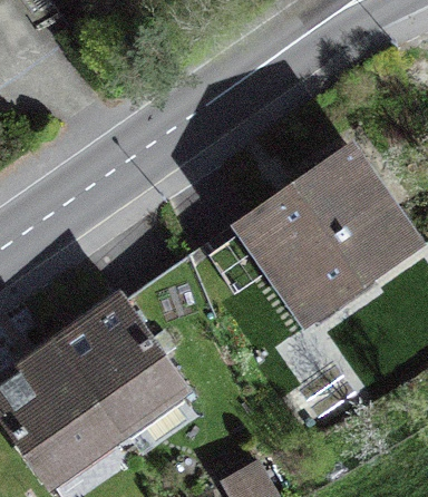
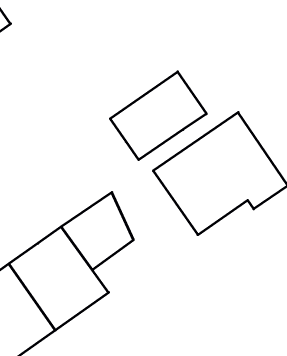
building: none -> [110,72,206,160]

